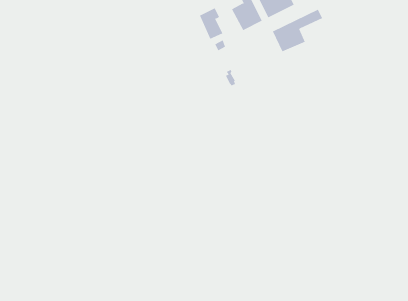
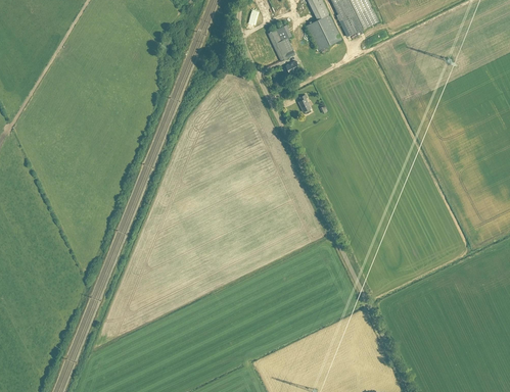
building: [272,9,323,52] -> none

